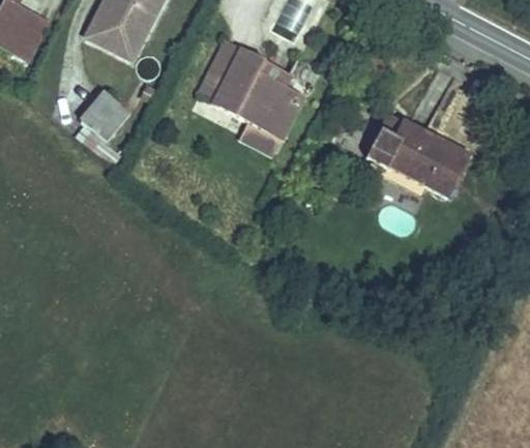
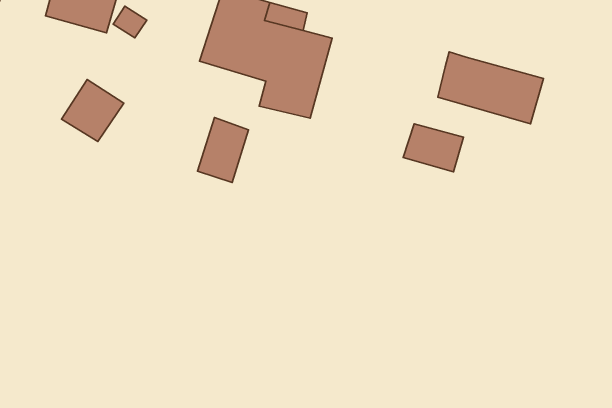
building: none -> [197,117,248,183]
building: none -> [403,124,464,172]

